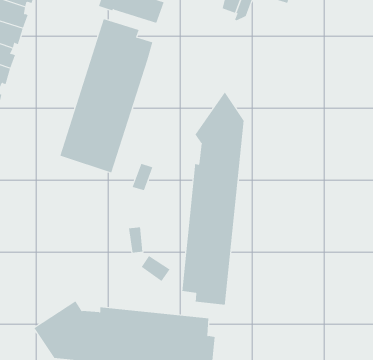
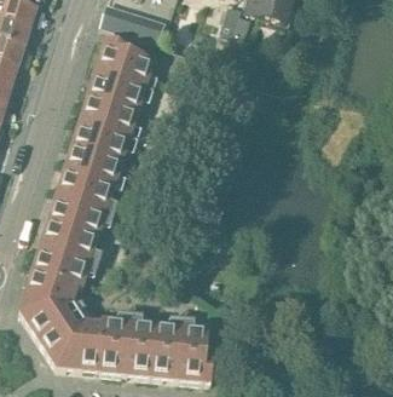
building: [182,91,244,305] -> none
building: none -> [18,169,114,336]

